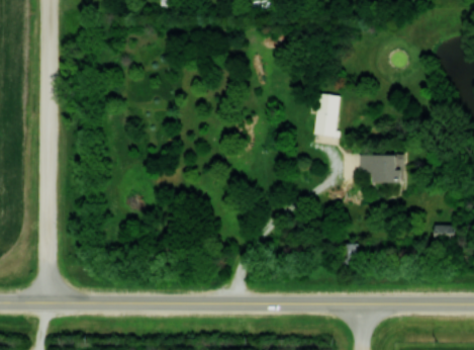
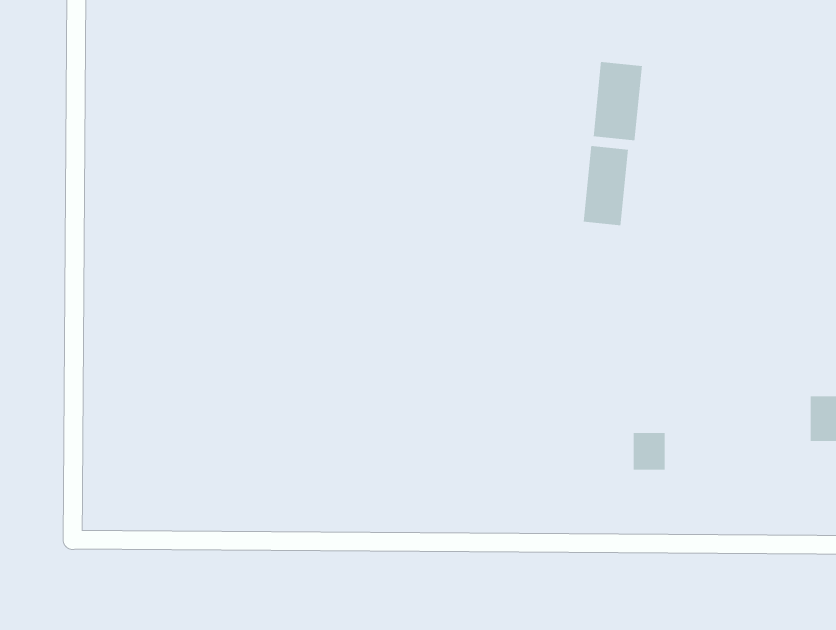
building: none -> [593,61,643,141]
building: [360,155,399,183] -> none

